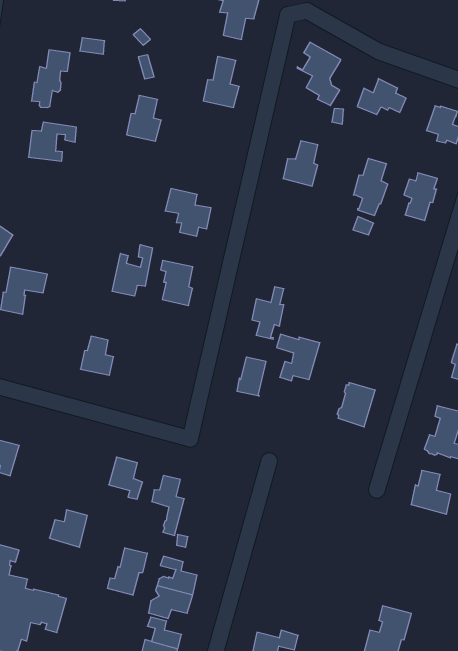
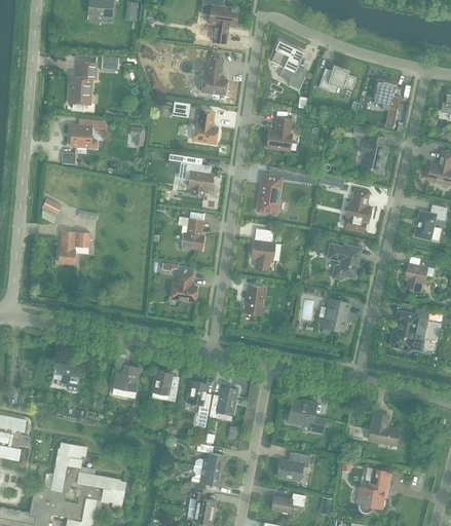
building: [127,95,161,141] -> [192,110,218,144]
building: [353,158,388,215] -> [345,189,371,232]
building: none -> [257,175,280,213]
building: [112,245,152,296] -> none
building: [277,334,320,381] -> [328,245,361,279]
building: [80,336,114,375] -> [172,272,196,301]
building: [411,470,451,514] -> [368,413,398,445]
building: none -> [209,385,236,417]
building: none -> [289,400,325,433]
building: [49,510,87,547] -> [112,364,140,391]
building: [107,548,147,595] -> none
building: none -> [276,452,309,480]

